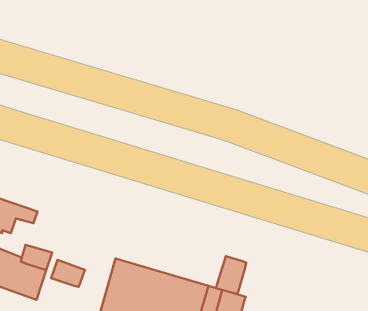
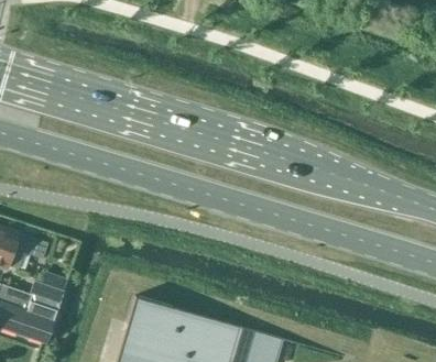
building: [216,256,246,294] -> none
building: [51,260,85,287] -> none

